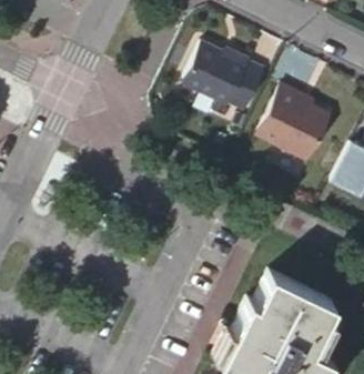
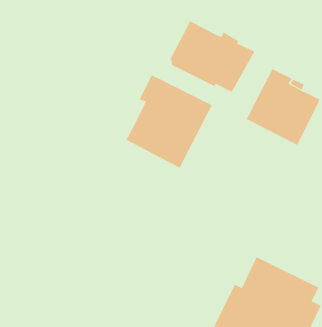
building: none -> [126,74,212,169]

